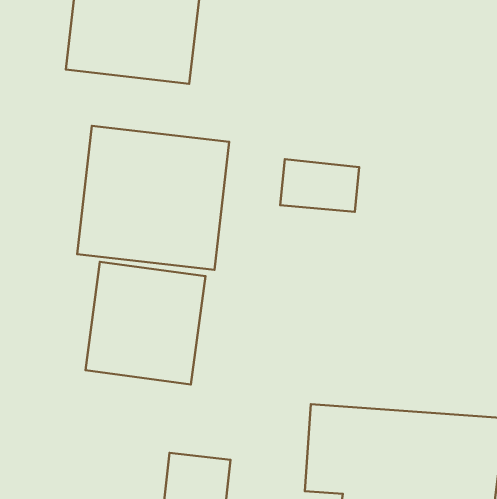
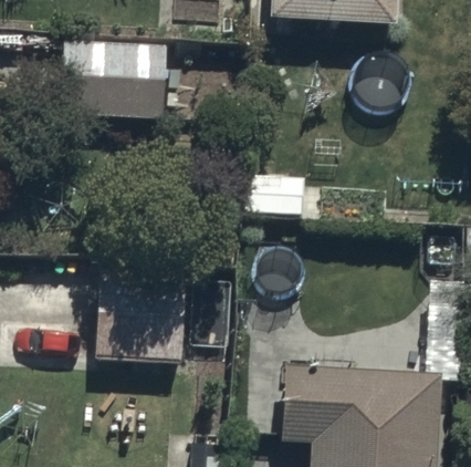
building: [77,126,229,270] -> none

